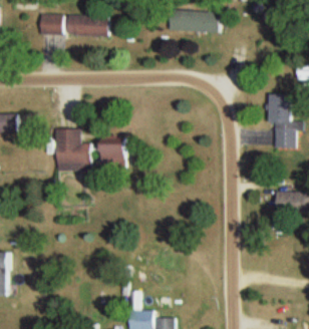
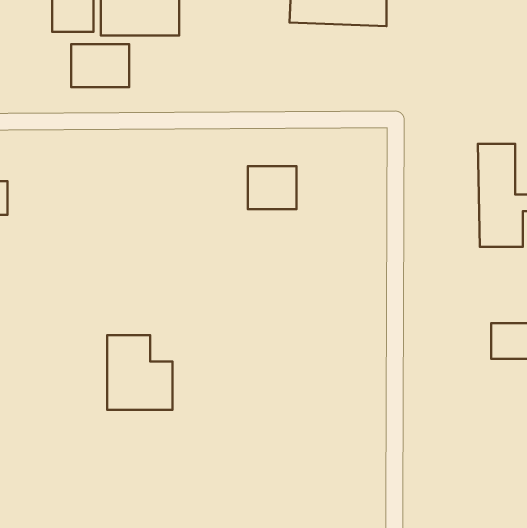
building: none -> [71,44,129,87]
building: [57,129,92,170] -> [107,335,172,410]
building: [102,142,128,166] -> [248,166,297,209]

